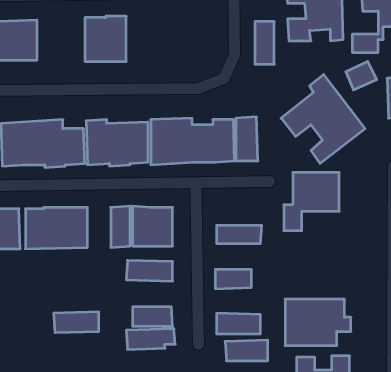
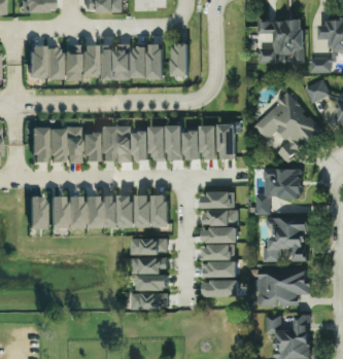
building: none -> [132,43,164,78]
building: none -> [64,44,97,80]
building: [255,22,274,64] -> [172,42,187,76]
building: none -> [201,191,235,208]
building: none -> [101,195,116,227]
building: none -> [264,217,308,261]
building: none -> [202,227,238,243]
building: [54,312,99,333] -> [132,257,168,274]
building: [225,340,268,361] -> [202,260,236,277]

